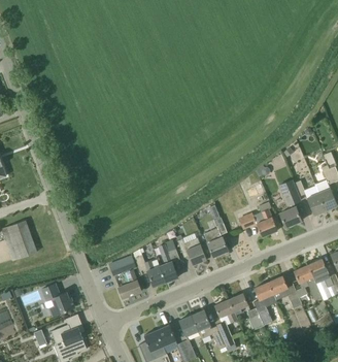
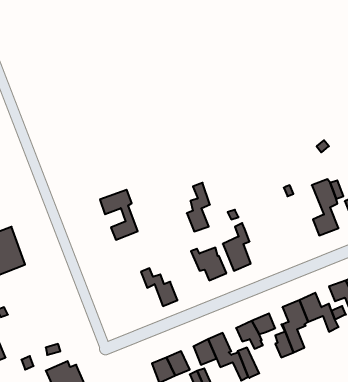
building: [237,202,277,236] -> none
building: [159,240,178,282] -> [187,183,210,231]
building: [108,256,140,298] -> [100,190,138,240]
building: [41,284,74,316] -> none

